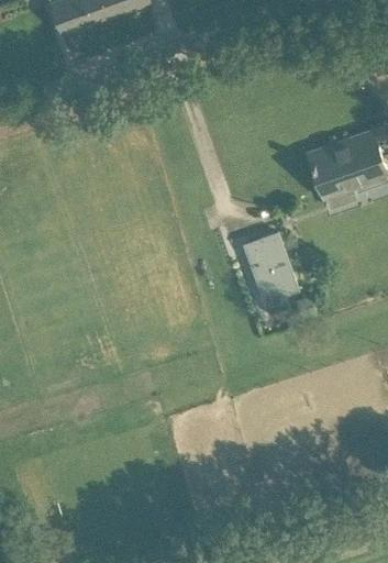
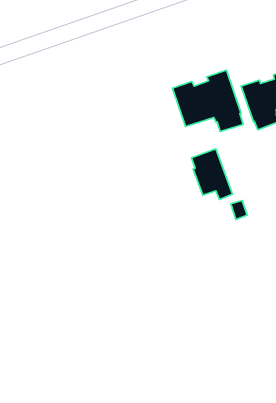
building: none -> [172,70,243,131]

